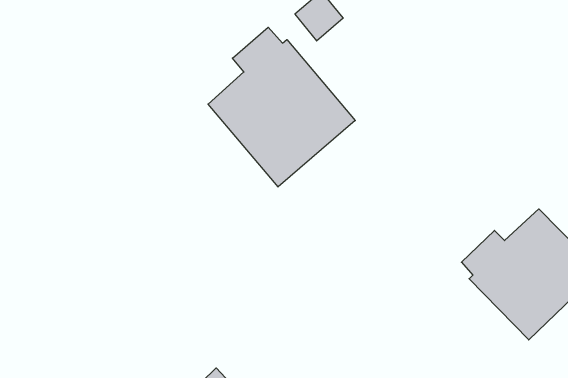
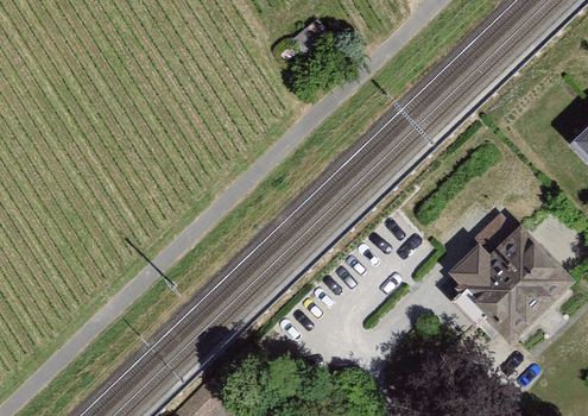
building: [208,27,355,187] -> none

